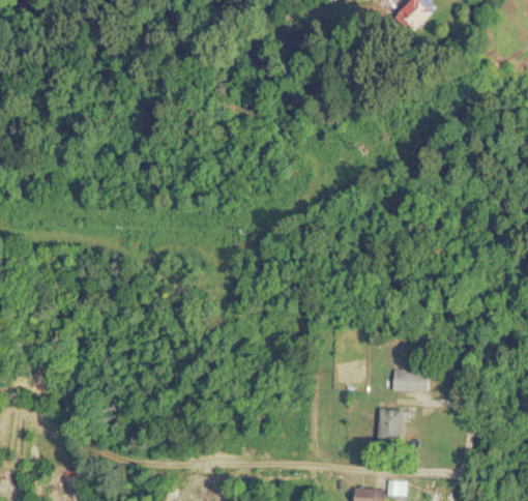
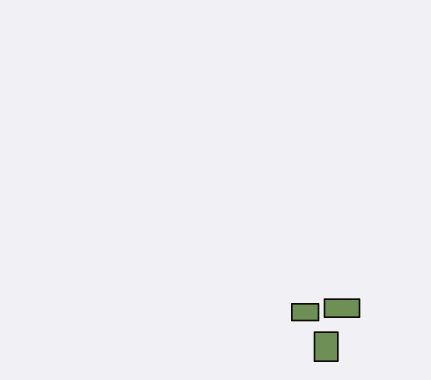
building: none -> [292,304,319,320]

